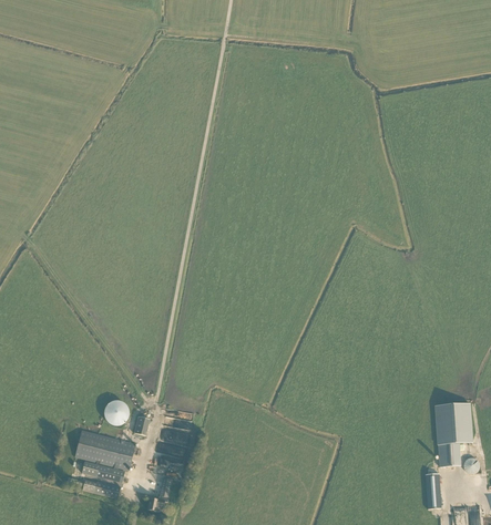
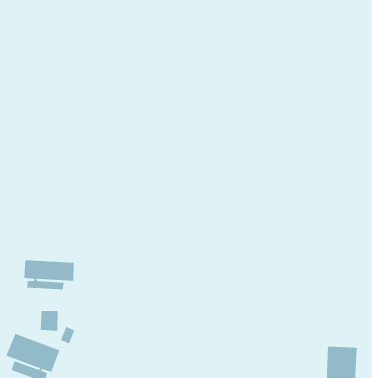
building: none -> [24,259,74,290]

